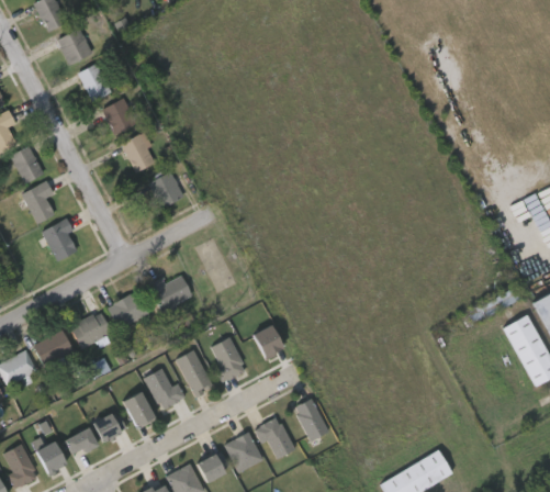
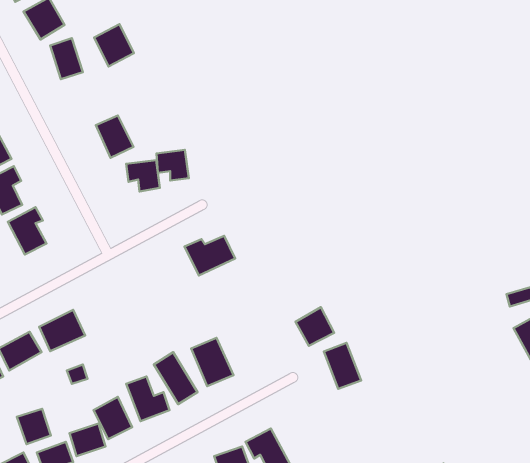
building: [101,97,137,135] -> [94,24,134,67]
building: none -> [156,150,189,180]
building: [146,275,192,311] -> [184,236,235,276]
building: [106,290,149,329] -> none
building: [247,323,282,358] -> [296,307,334,346]
building: [293,398,327,439] -> [324,343,361,389]
building: none -> [17,409,51,444]

